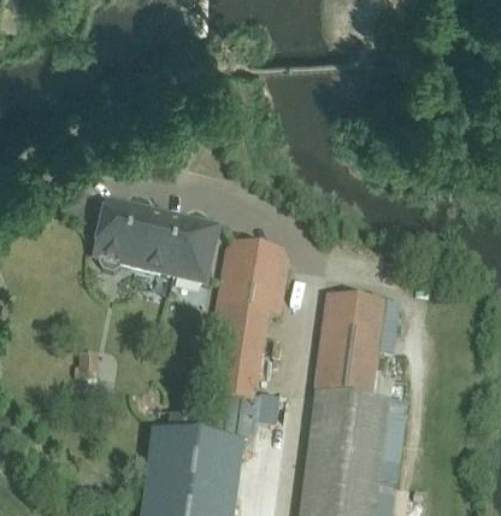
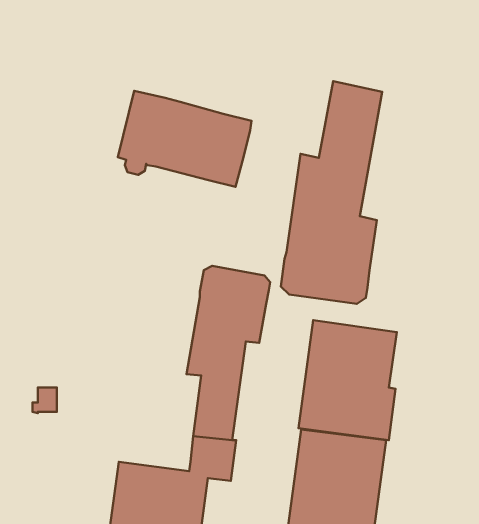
building: none -> [281,81,382,304]
building: [96,198,216,283] -> [118,91,252,187]

